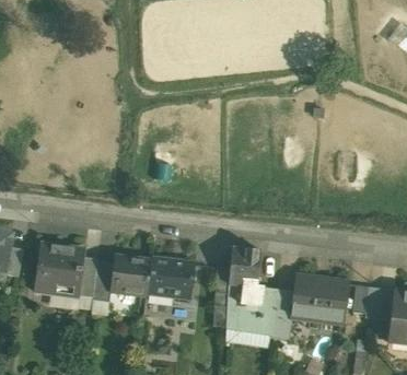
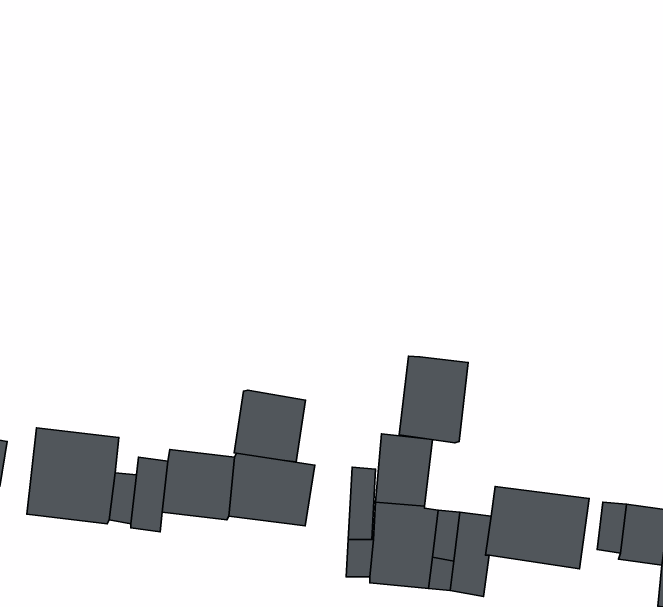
building: none -> [399,356,468,443]
building: none -> [234,390,305,462]

